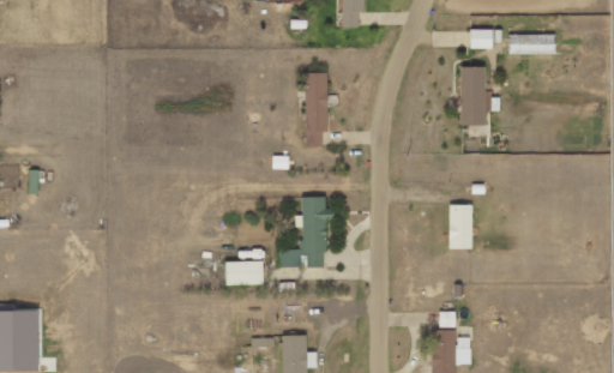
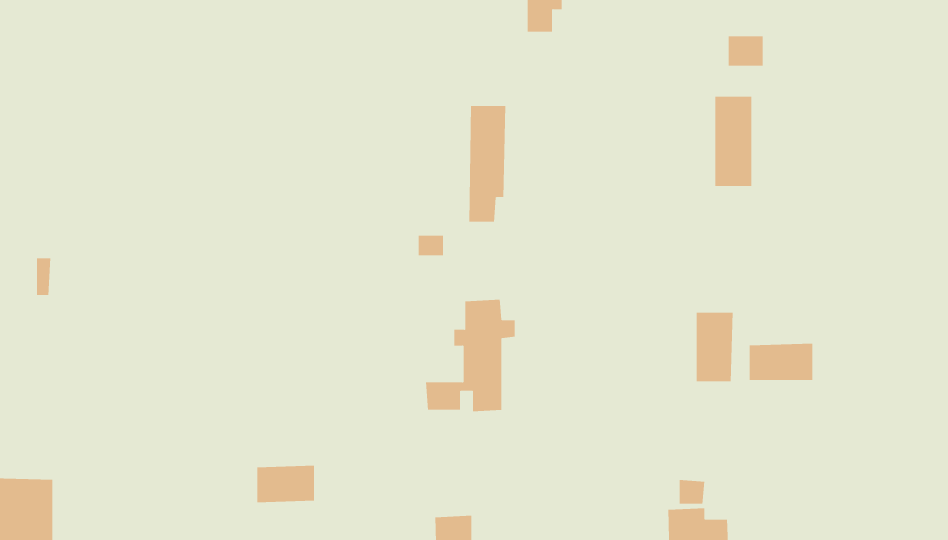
building: [510,34,556,53] -> none
building: none -> [749,343,813,381]
building: [227,260,264,284] -> [257,465,315,503]

